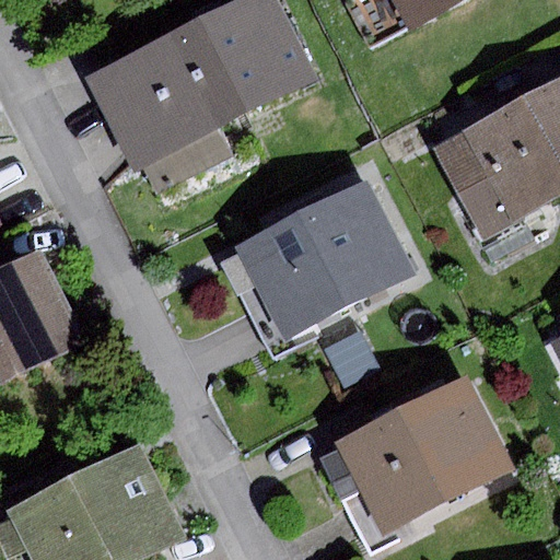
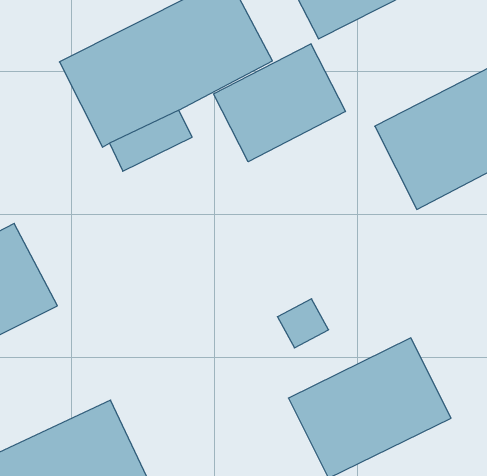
building: none -> [214,44,345,162]
building: [235,176,416,338] -> none

